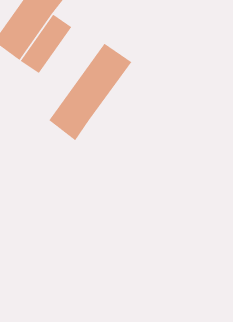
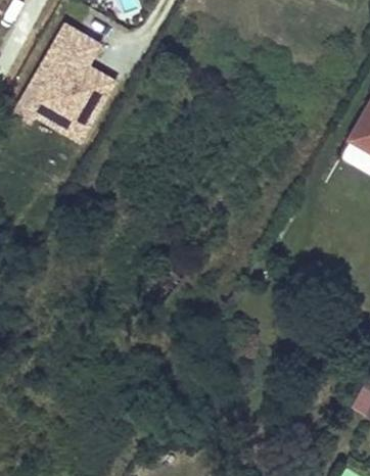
building: [48,43,132,141] -> none

